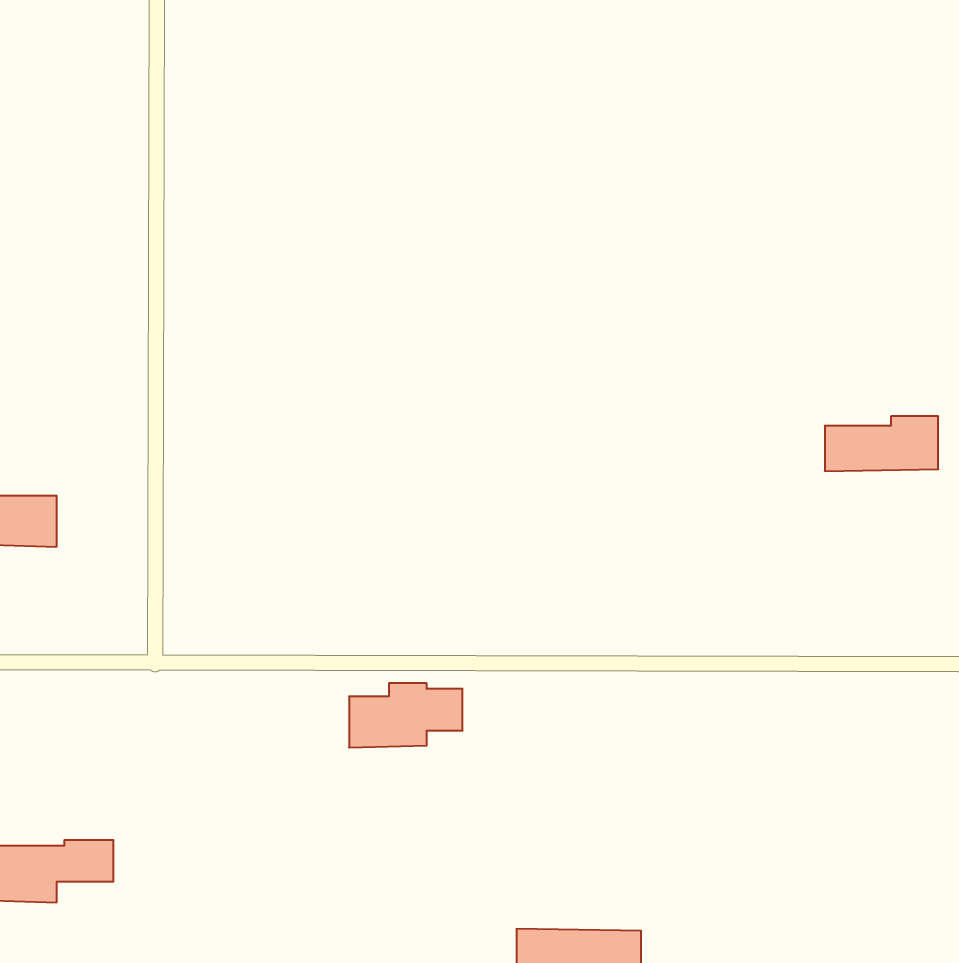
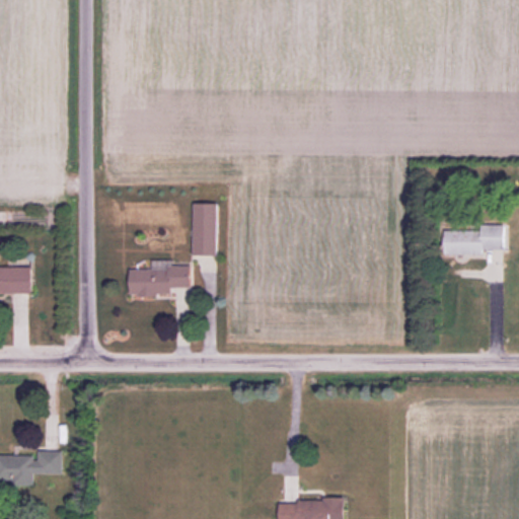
building: none -> [191,205,216,256]
building: [349,683,463,748] -> [129,264,190,298]

